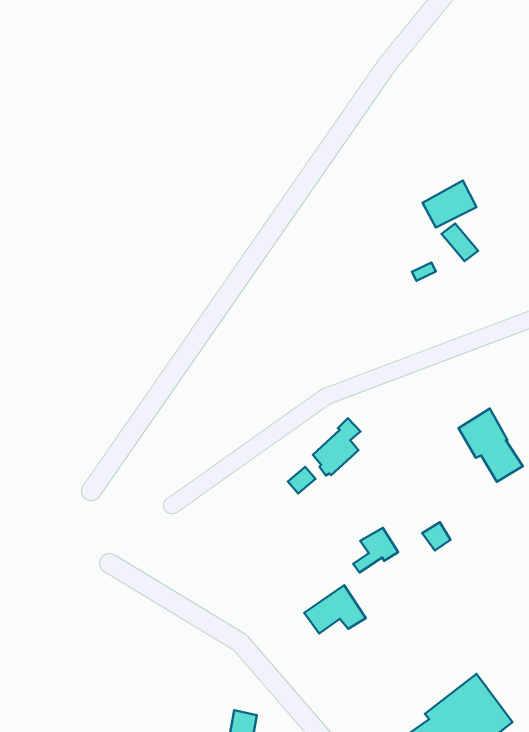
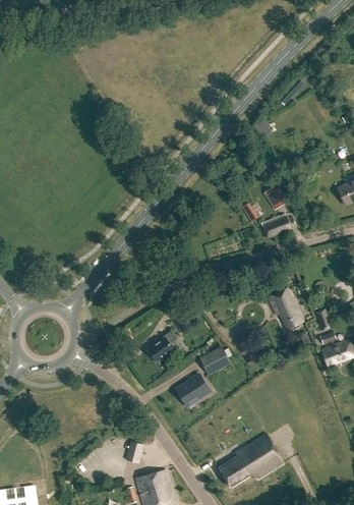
building: [423,181,477,228] -> [261,214,291,238]
building: [313,418,360,476] -> [149,331,176,361]

